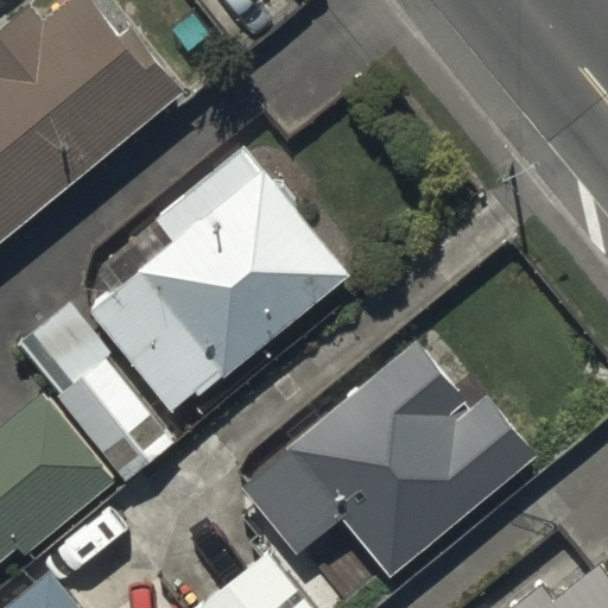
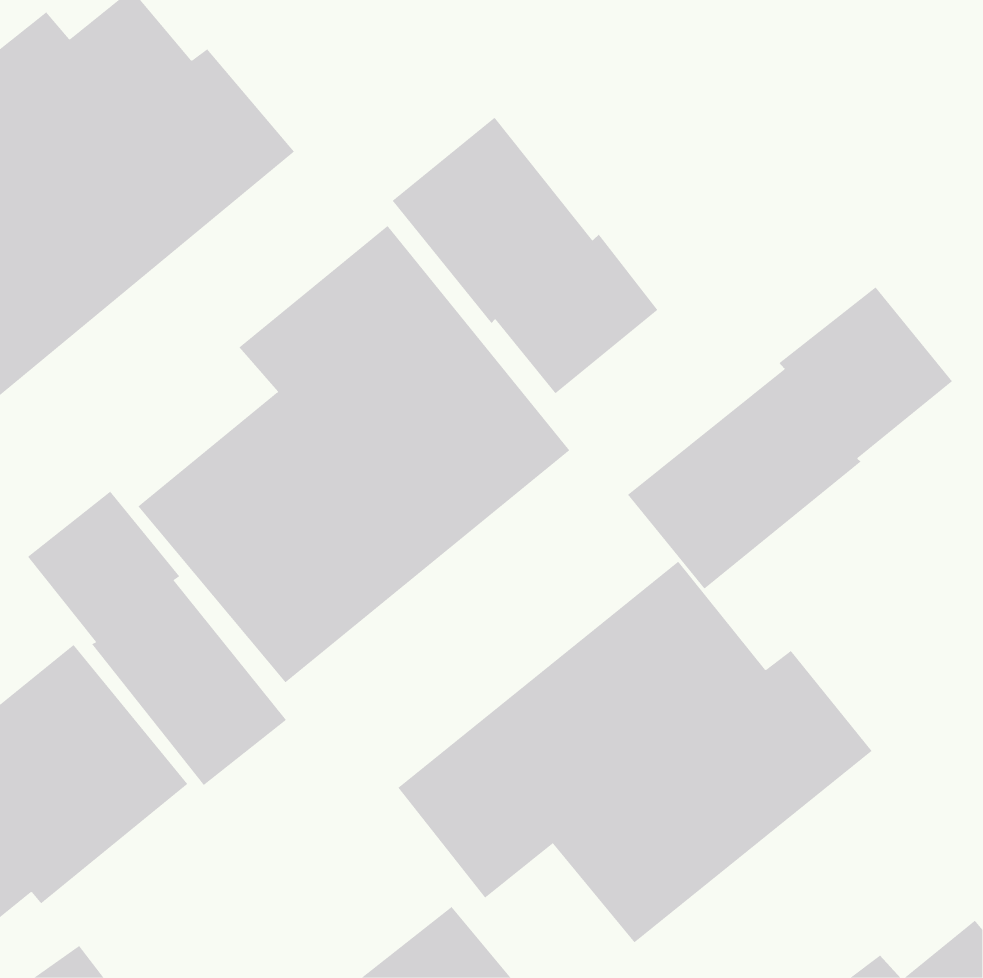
building: none -> [392,117,658,394]
building: none -> [627,286,953,589]

